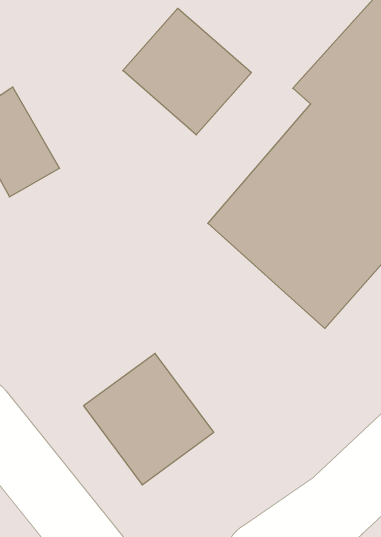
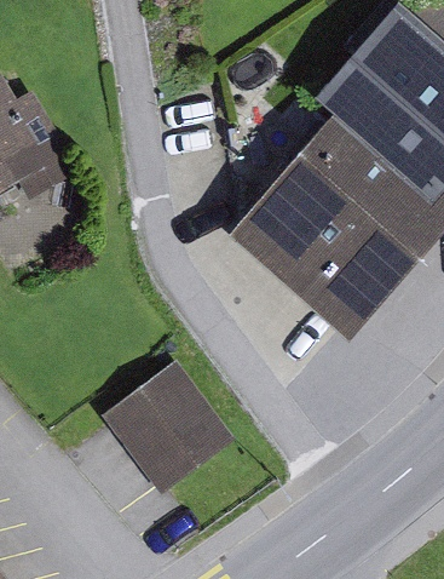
building: [123,8,251,135] -> none

